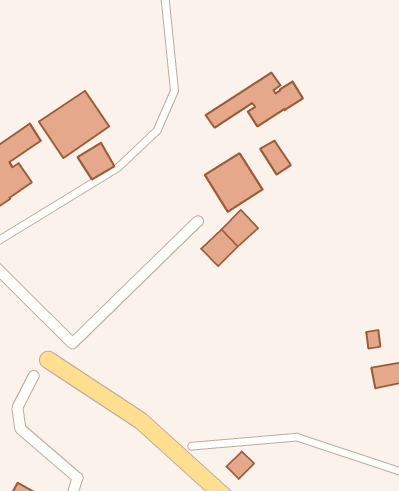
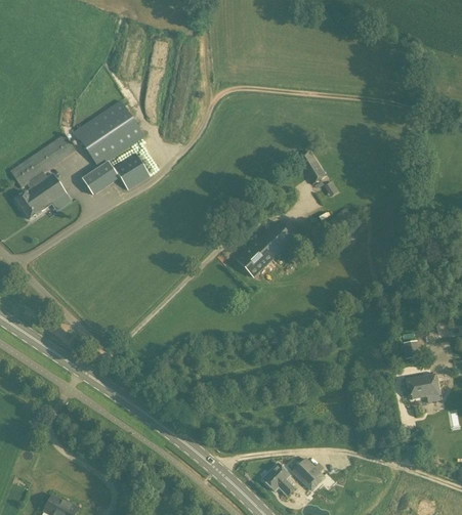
building: [206,73,303,128] -> none
building: none -> [83,162,119,195]
building: [205,153,263,212] -> none
building: none -> [292,459,326,491]

